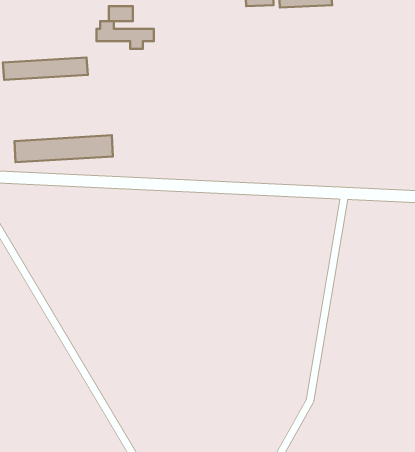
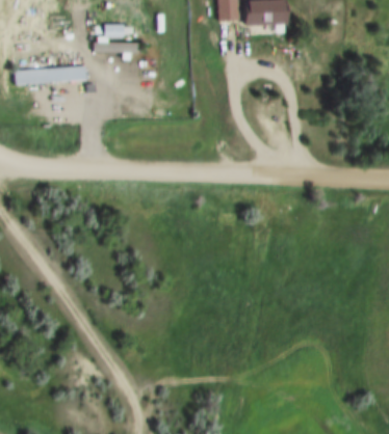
building: [14,135,113,162] -> none

